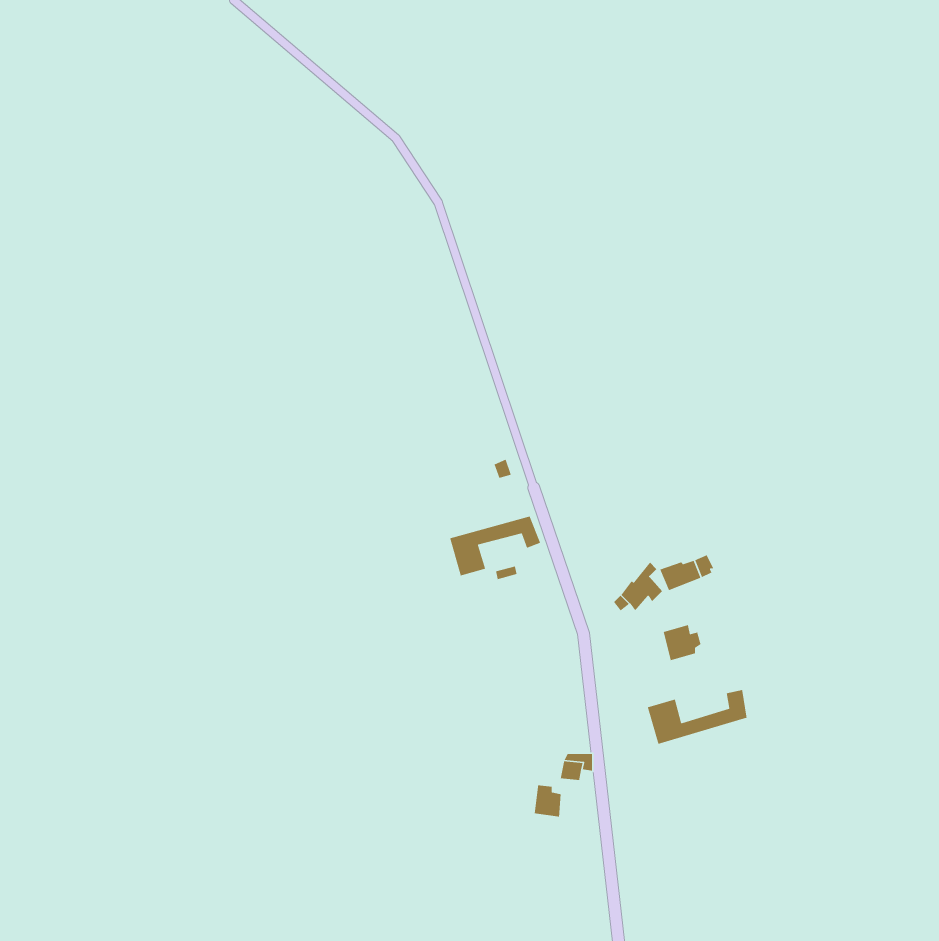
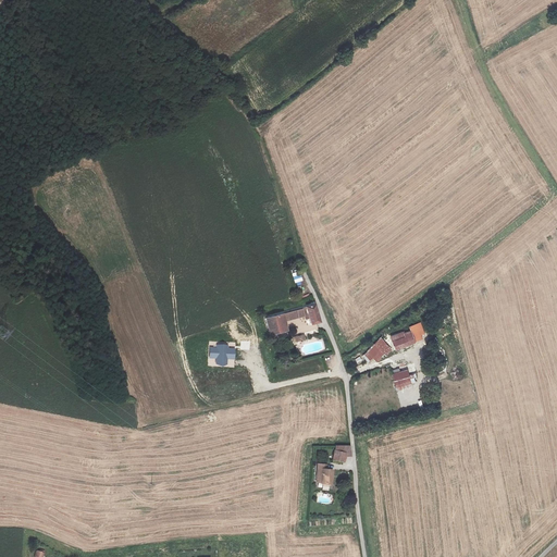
building: none -> [210,345,236,367]
building: [647,689,748,745] -> none

